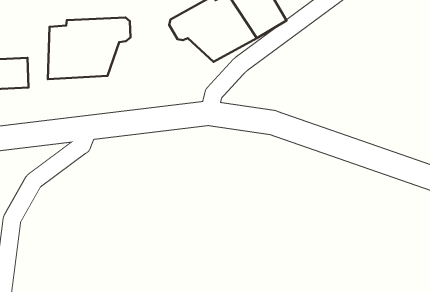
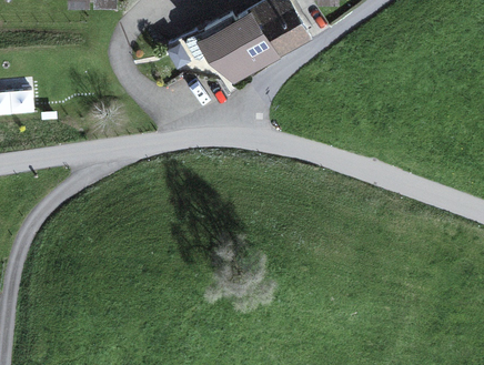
building: [48,17,131,79] -> none

